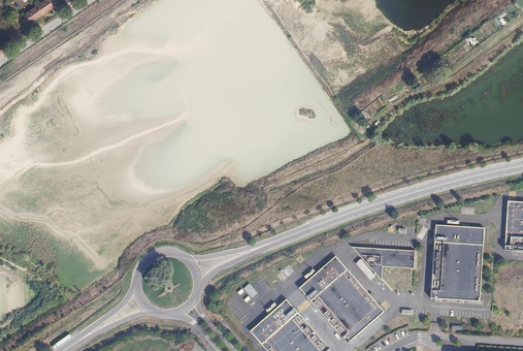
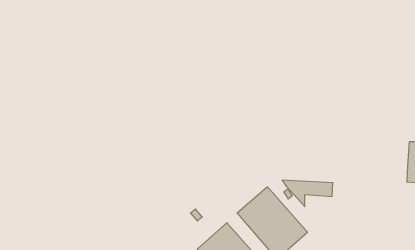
building: [429,224,483,301] -> none

